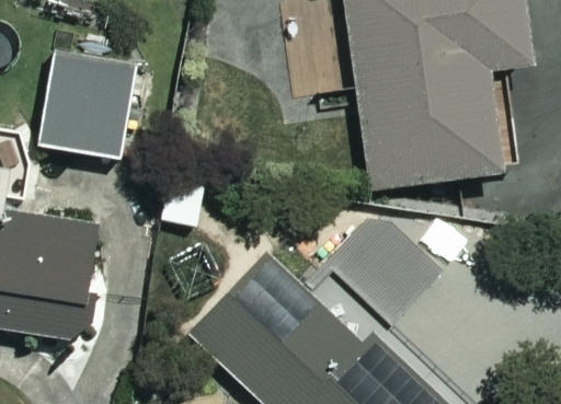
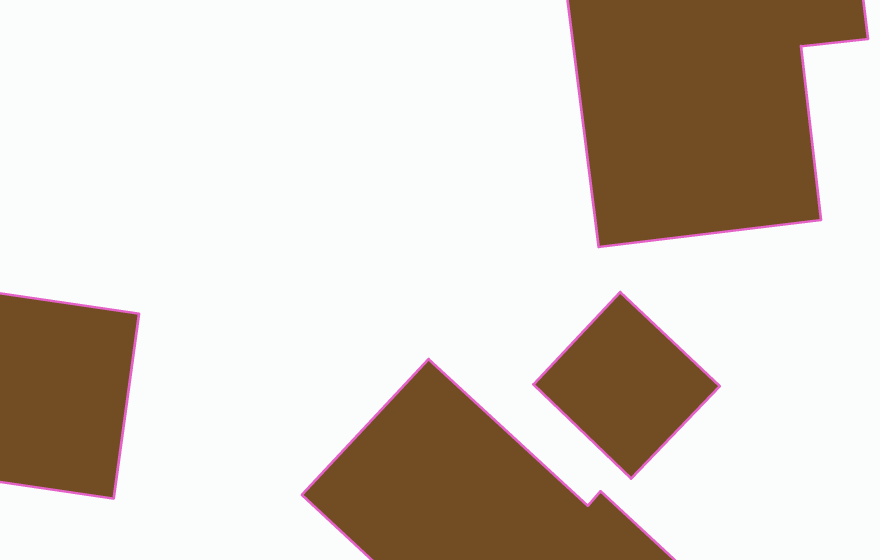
building: [41,55,126,157] -> none

